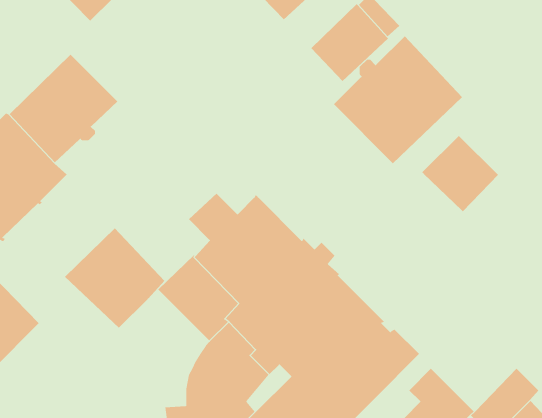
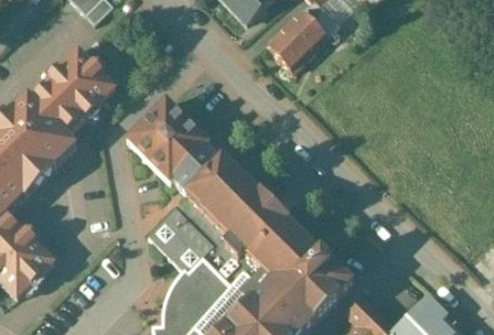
building: [333,36,463,164] -> none
building: [422,135,499,212] -> none
building: [64,228,165,329] -> [127,100,206,180]

